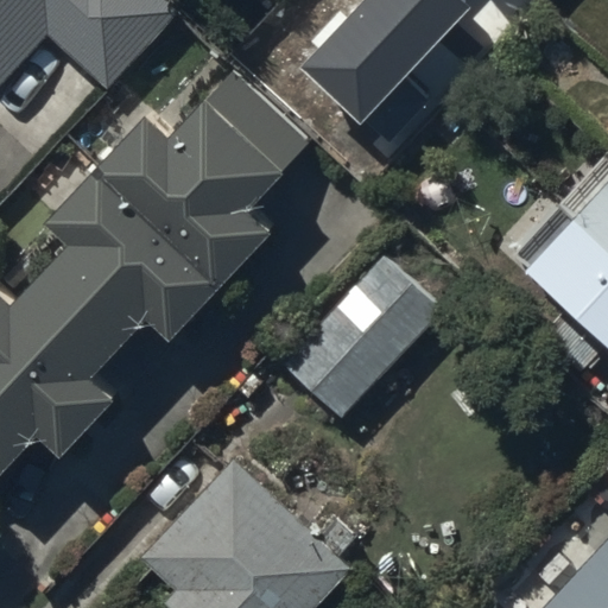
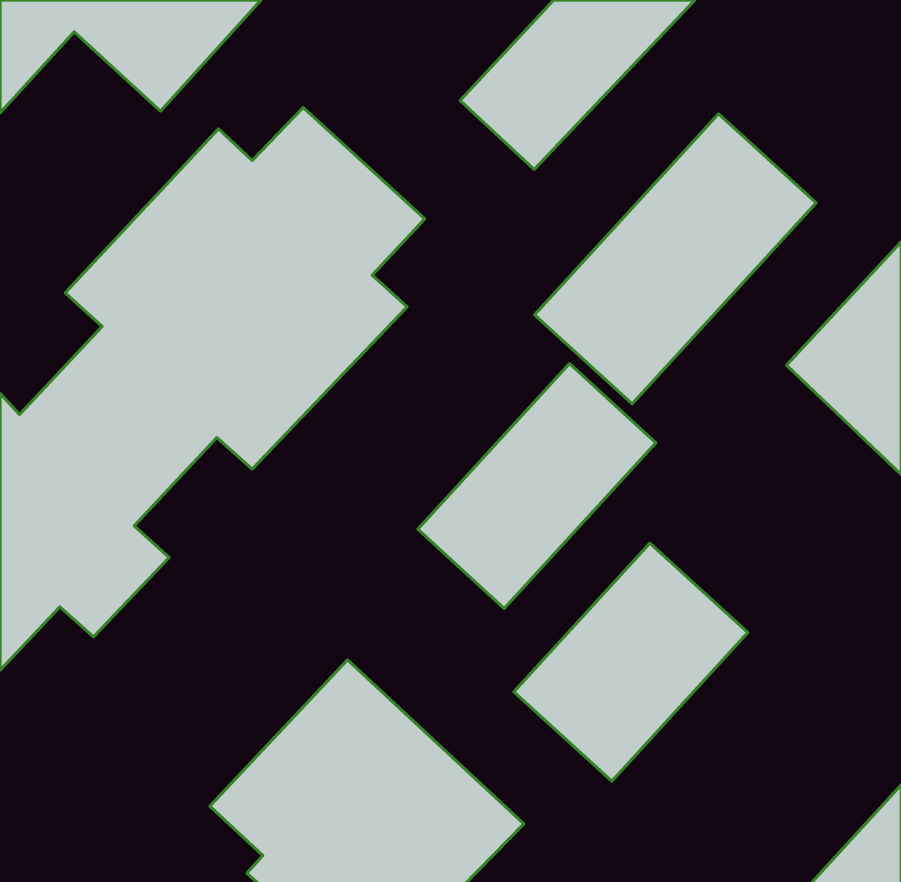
building: none -> [535,114,816,404]
building: none -> [514,543,748,781]

